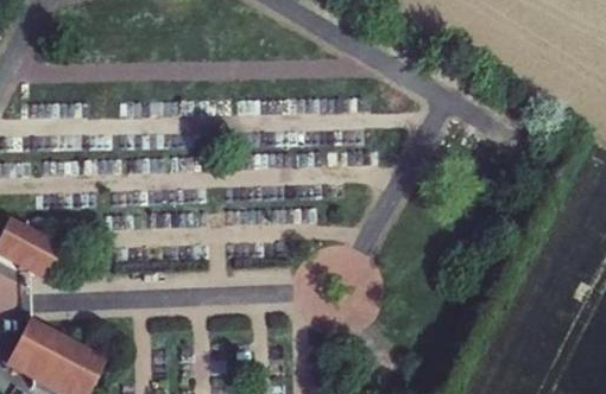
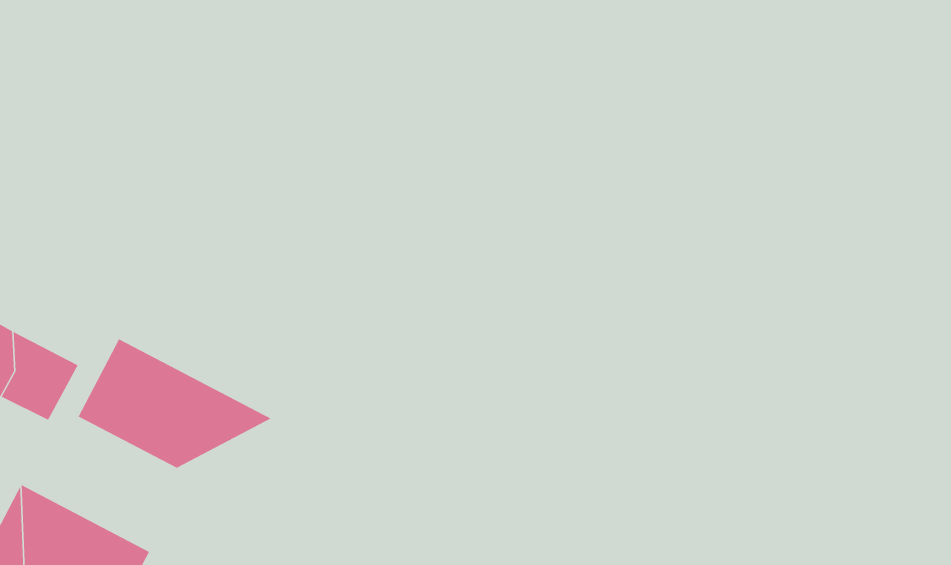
building: none -> [78,338,272,468]

